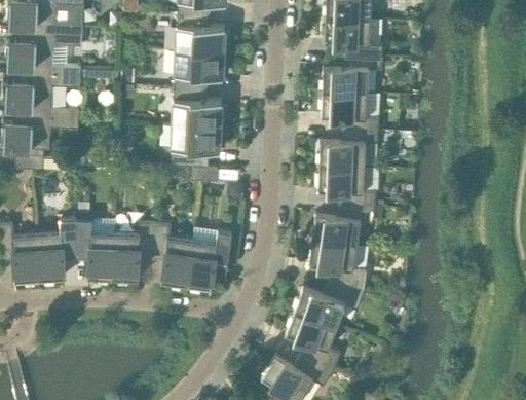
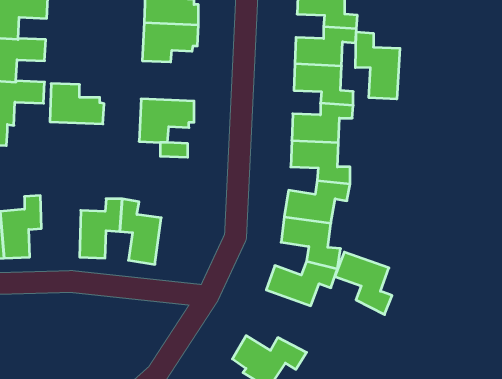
building: none -> [355,32,400,99]
building: [173,86,225,125] -> [50,84,104,124]
building: [75,217,114,277] -> none
building: [186,229,231,287] -> none
building: [285,308,340,369] -> [335,252,392,315]

